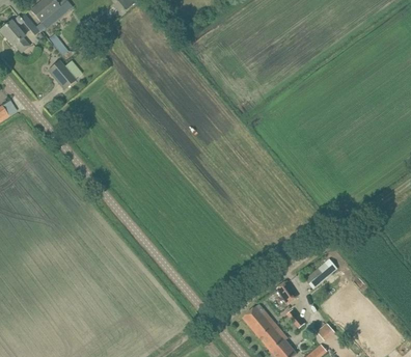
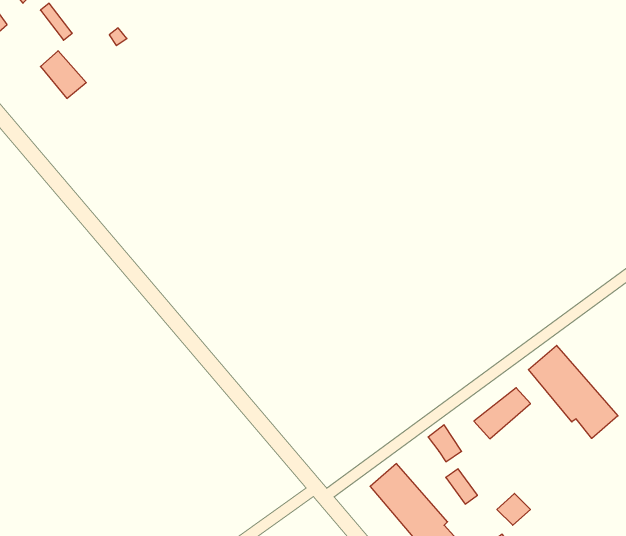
building: none -> [528,345,618,438]

